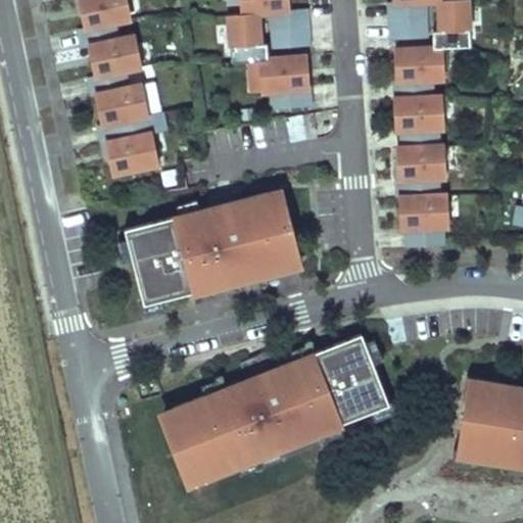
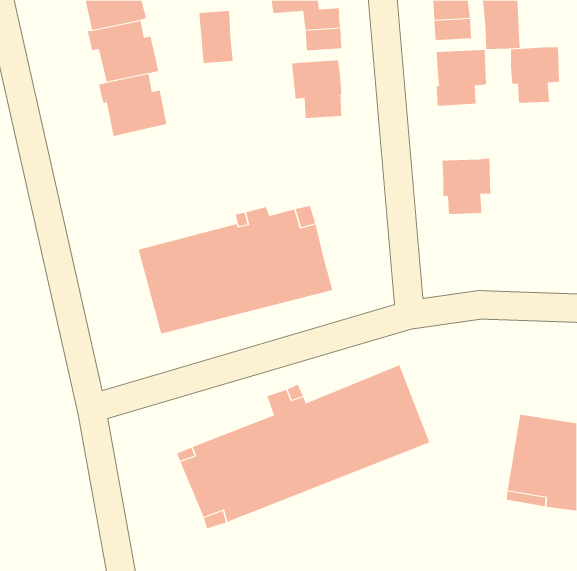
building: [232,16,264,64] -> [198,11,233,64]
building: [397,99,442,150] -> [510,47,560,103]
building: [99,115,170,177] -> none
building: [401,197,448,249] -> none

